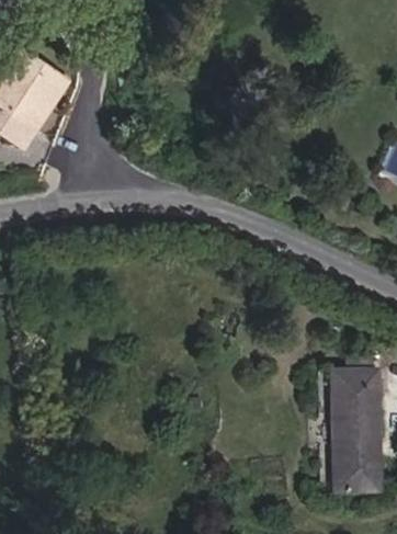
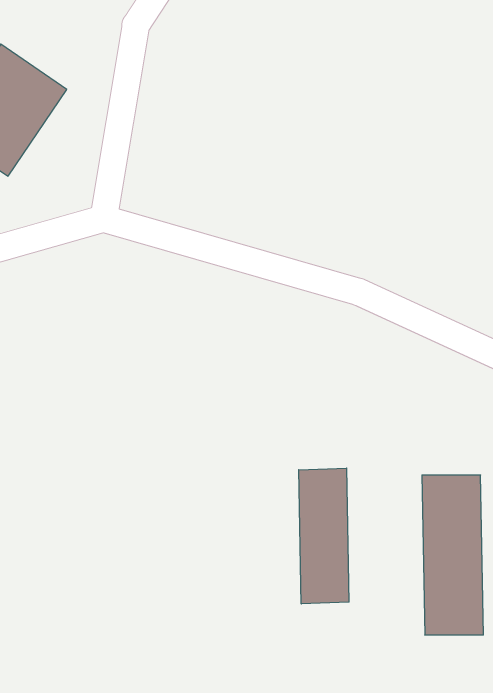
building: none -> [299,468,349,604]

